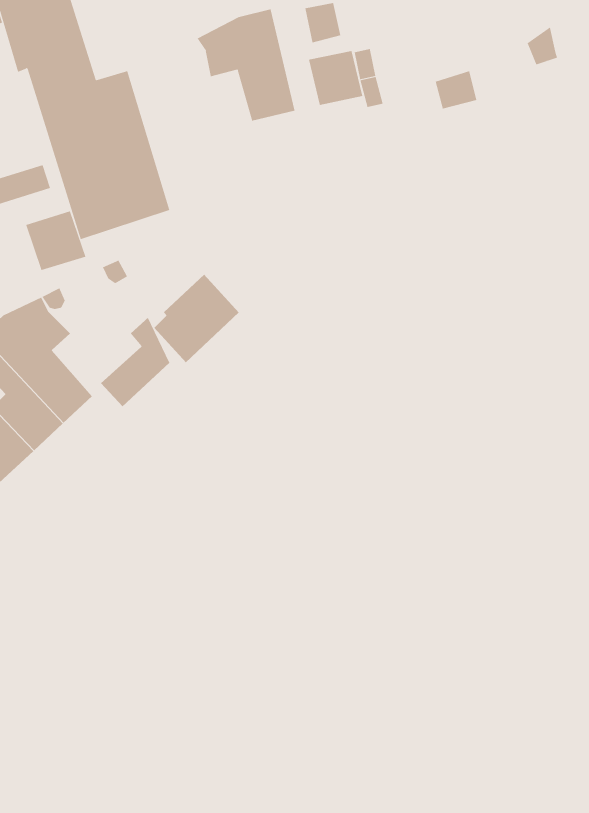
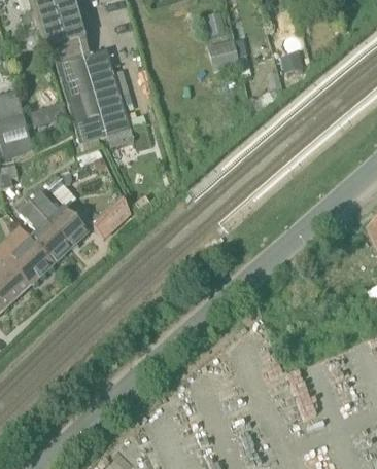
building: [197,9,295,122] -> none
building: [25,211,86,271] -> none
building: [153,274,239,363] -> none

